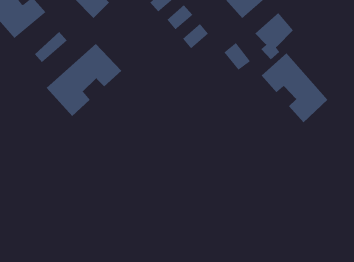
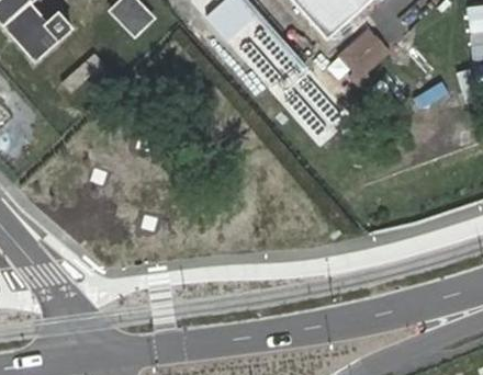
building: [46,43,122,117] -> none
building: [261,53,328,123] -> none

